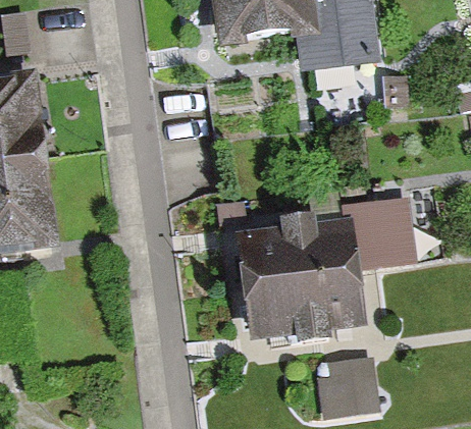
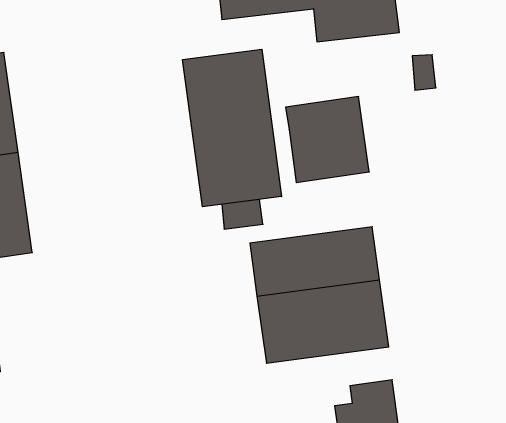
building: none -> [183,49,282,207]
building: [346,195,418,269] -> [286,97,369,183]

